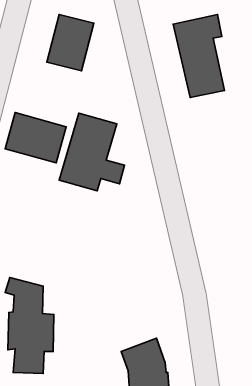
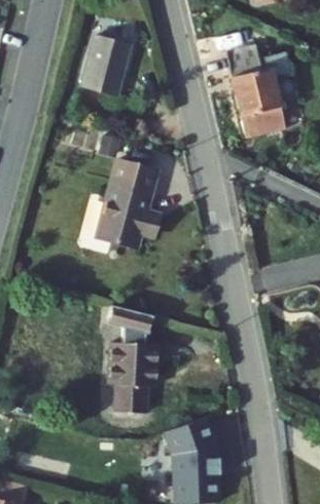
building: [5,113,66,163] -> none
building: [5,277,54,374] -> [98,299,154,411]

